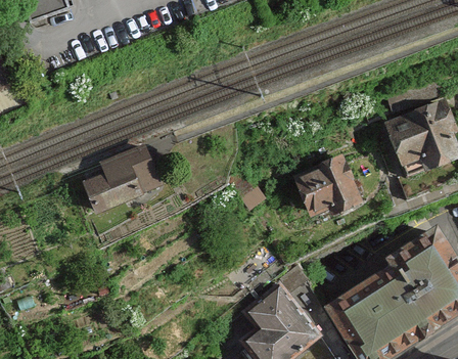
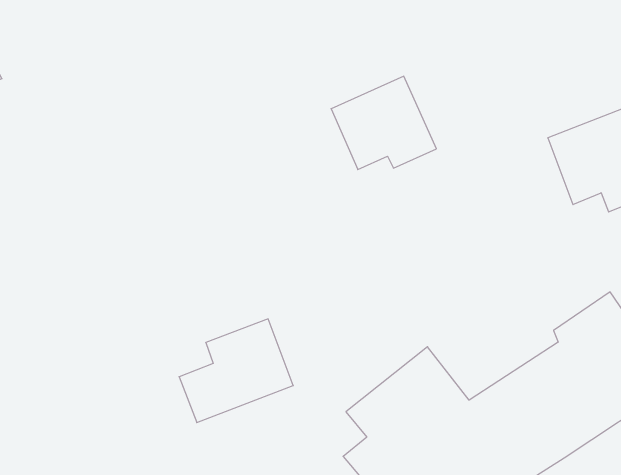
building: [83,143,162,215] -> [179,319,293,423]
building: [293,155,366,220] -> [331,76,436,170]

